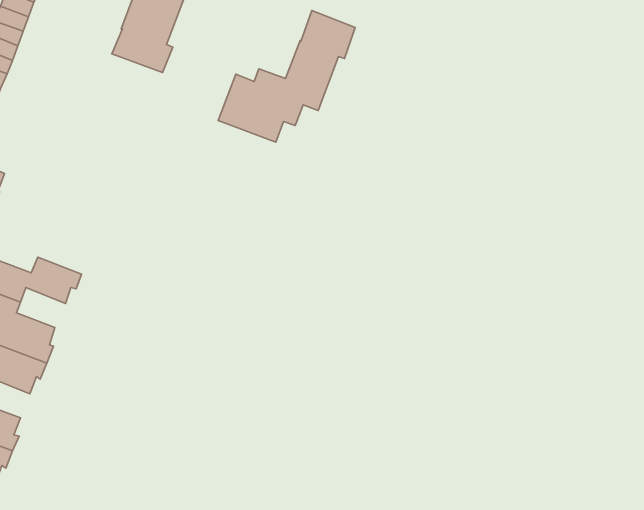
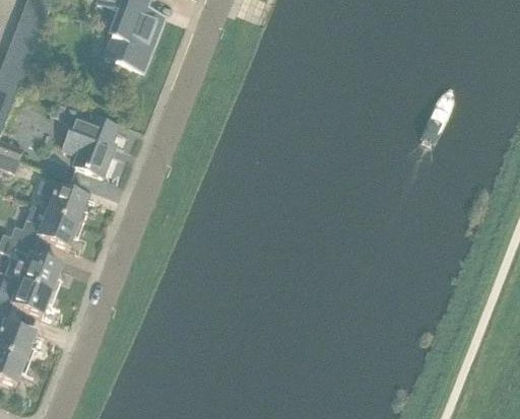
building: [218,10,355,142] -> none
building: none -> [62,114,115,174]
building: none -> [37,179,87,223]

